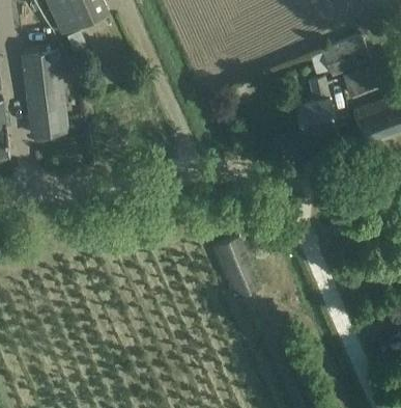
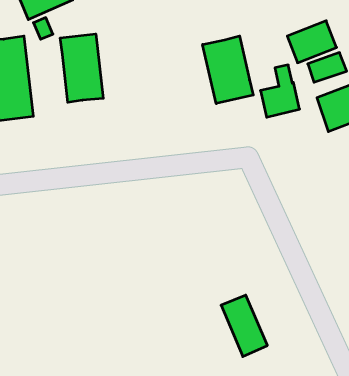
building: none -> [60,34,103,102]
building: none -> [203,36,253,104]
building: [213,235,260,297] -> [221,295,267,357]

